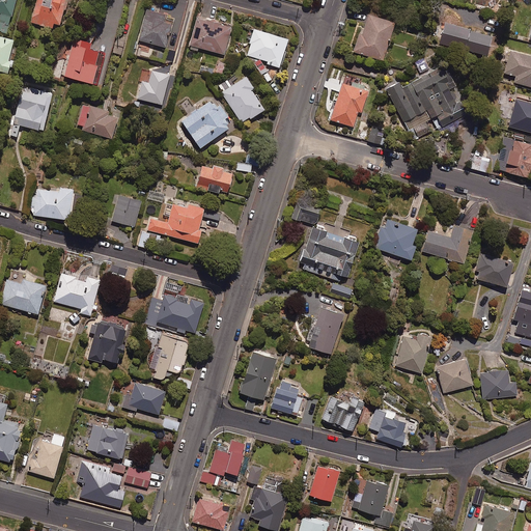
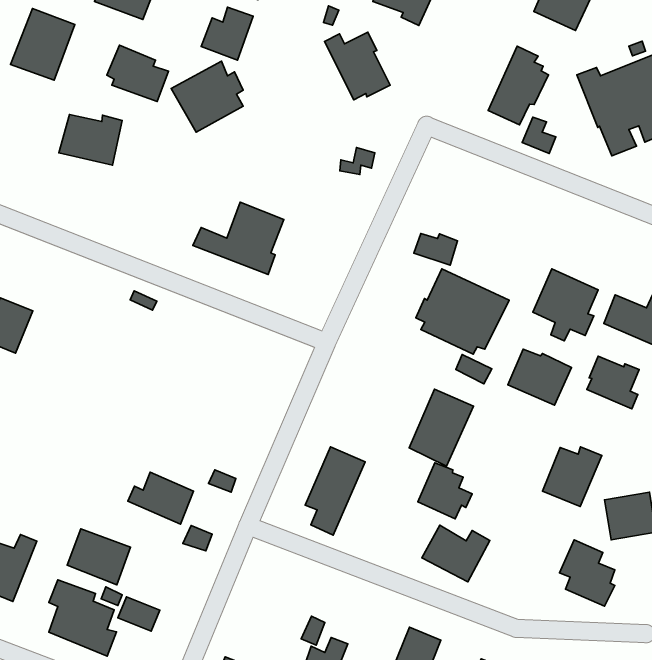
building: [180,100,229,148] -> [171,61,243,132]
building: [197,166,232,193] -> none
building: [33,188,73,220] -> [59,115,122,165]
building: [111,195,141,227] -> none
building: [54,273,100,316] -> none
building: none -> [587,356,639,409]
building: none -> [508,349,572,405]
building: [145,295,206,335] -> none
building: [87,320,128,364] -> none
building: [155,335,189,380] -> none
building: [271,381,306,416] -> [418,463,472,519]
building: [369,406,407,447] -> [560,540,615,606]
building: [200,440,246,485] -> none

